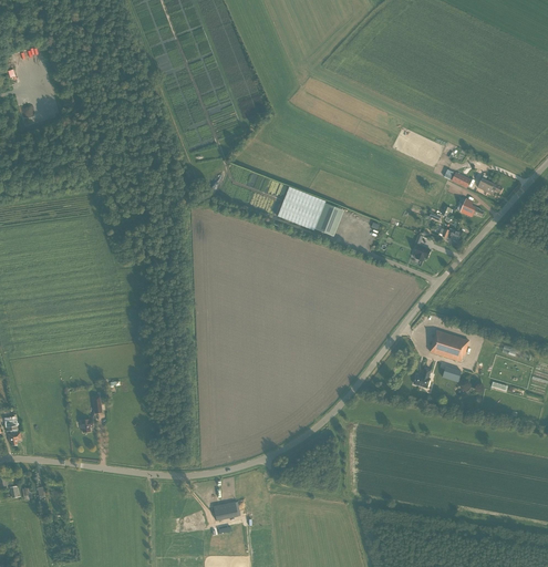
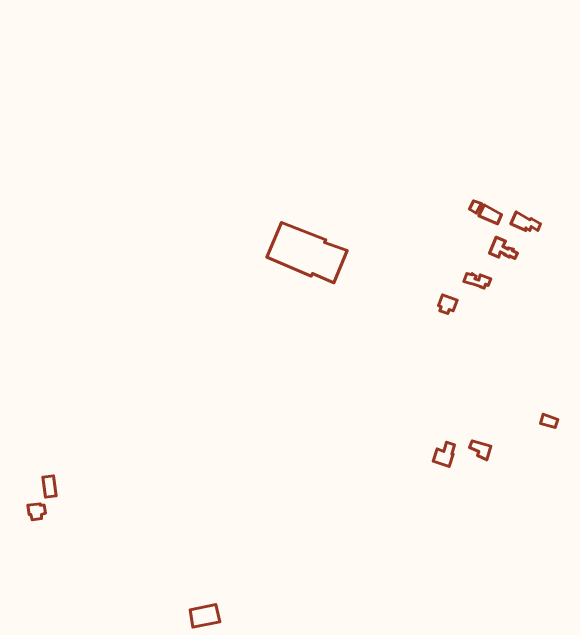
building: [430,330,468,361] -> none

